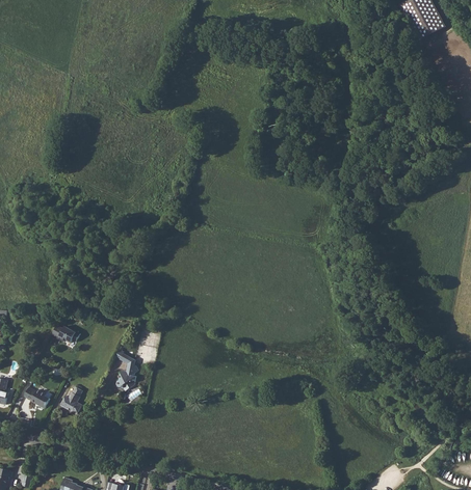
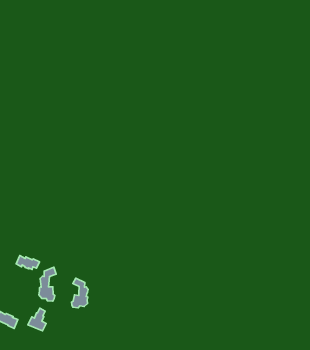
building: none -> [39,267,56,301]

